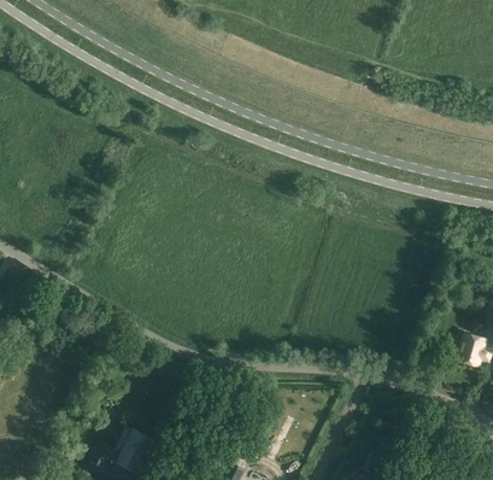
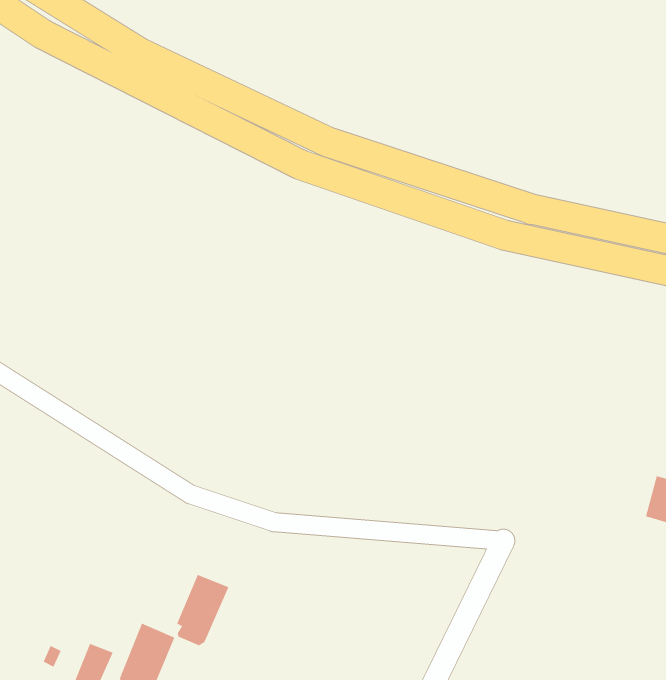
building: none -> [176,574,229,646]

